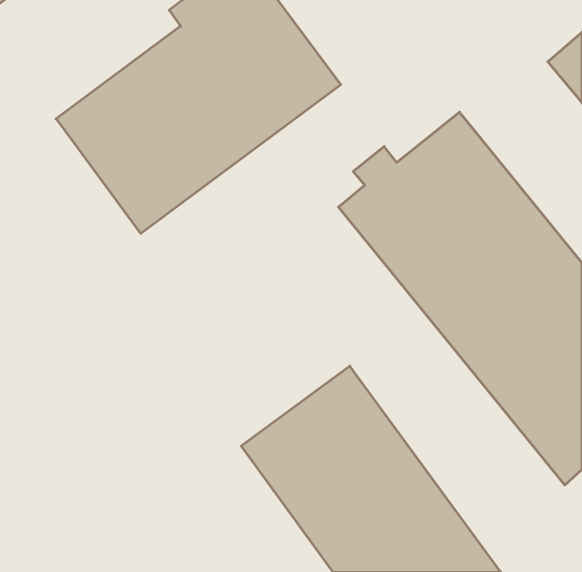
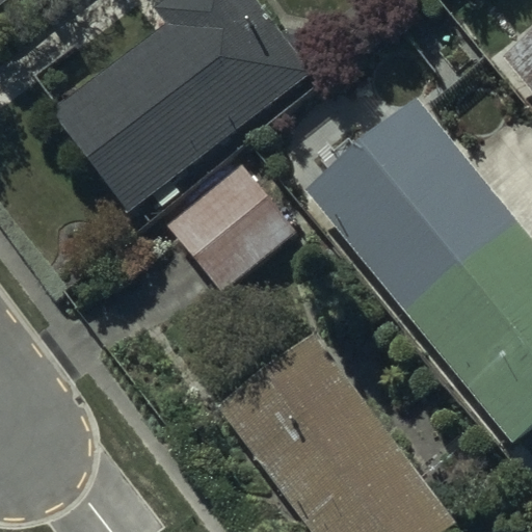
building: none -> [164,160,301,297]

